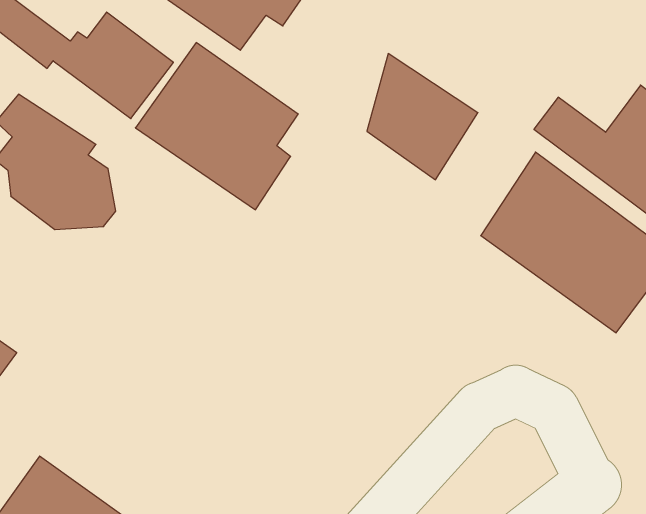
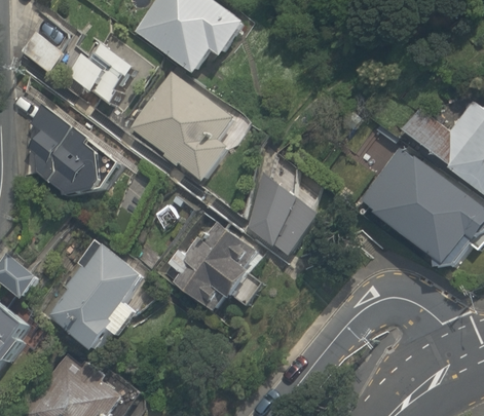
building: [367,54,478,180] -> [243,165,318,251]
building: none -> [172,223,263,310]
building: none -> [44,243,145,354]

